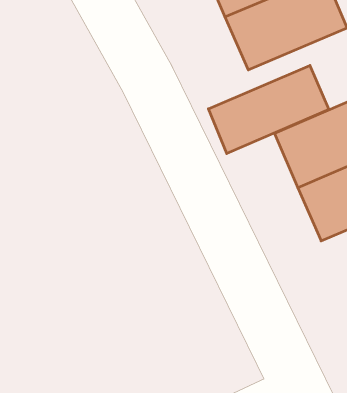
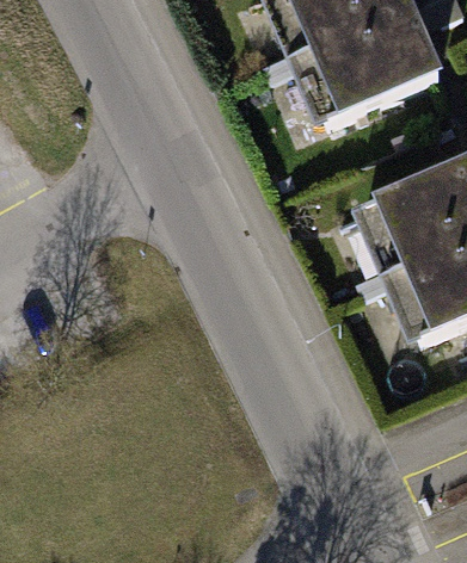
building: [208,65,329,154] -> none

